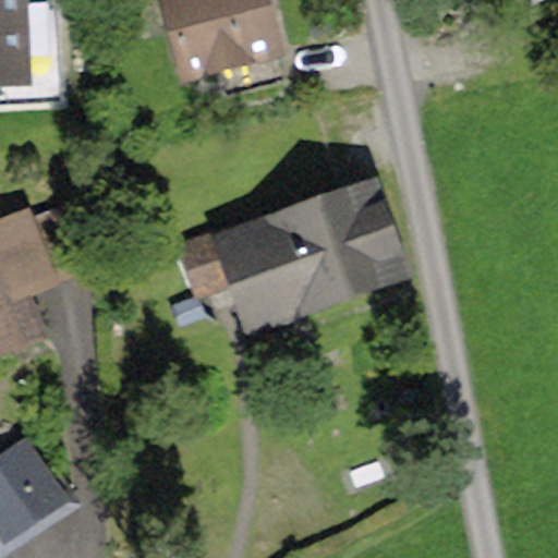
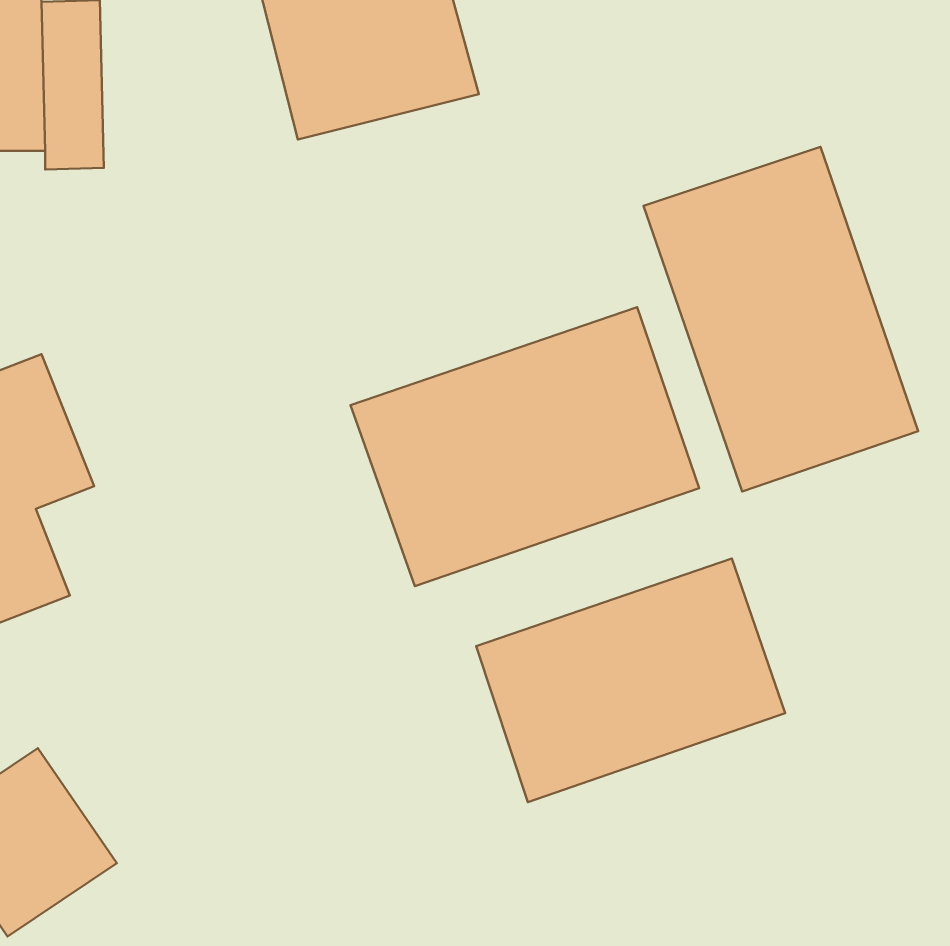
building: none -> [643,147,918,491]
building: none -> [476,558,785,802]

